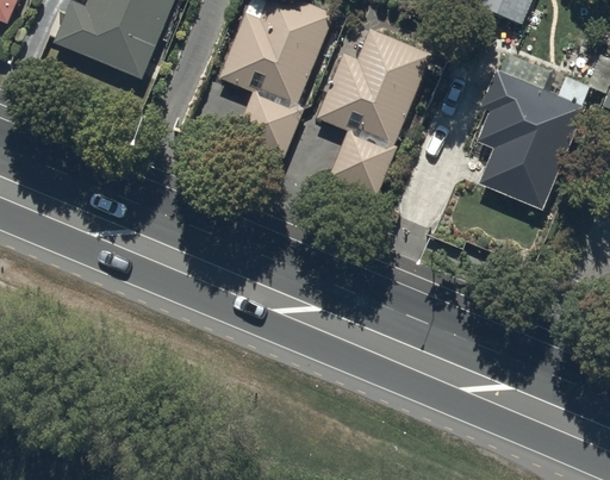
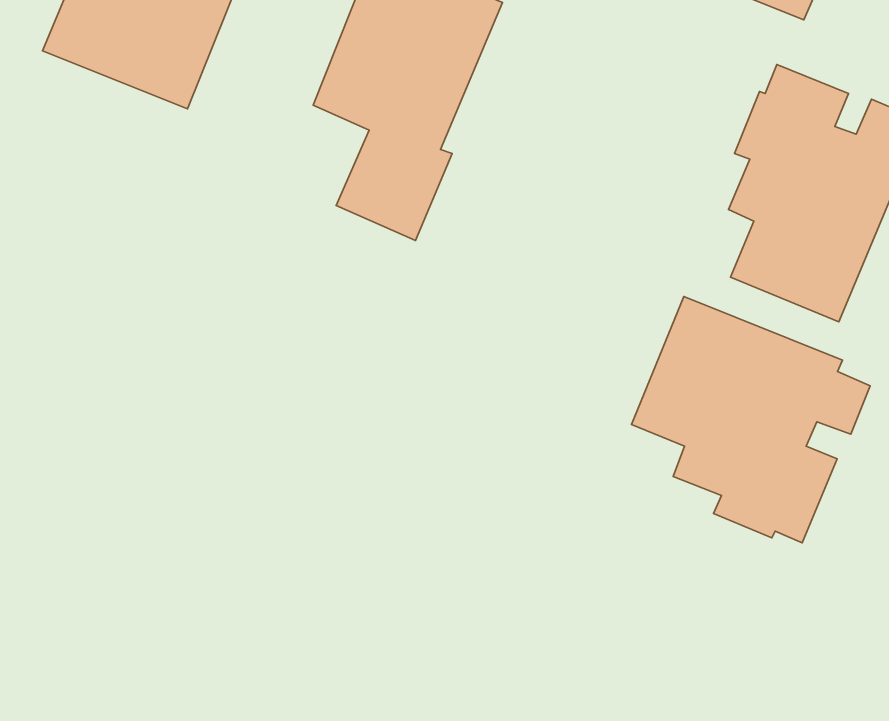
building: [317,29,432,195] -> none
building: none -> [631,297,870,543]

